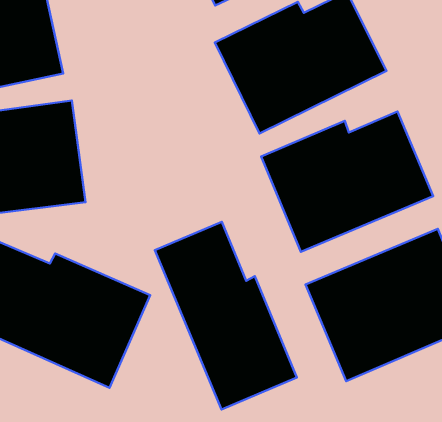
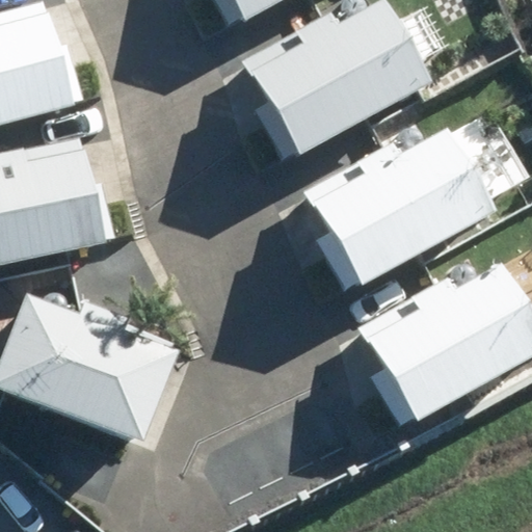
building: [155,222,297,409] -> none

